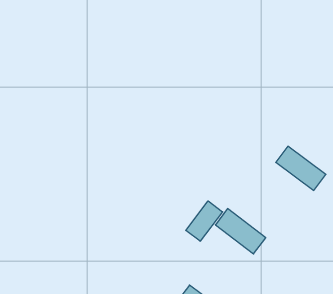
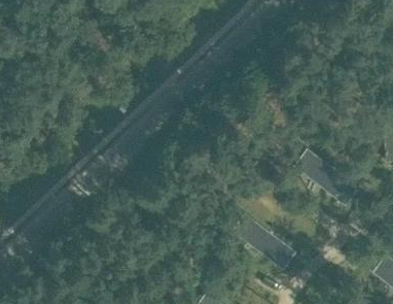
building: [186,201,223,241] -> none

